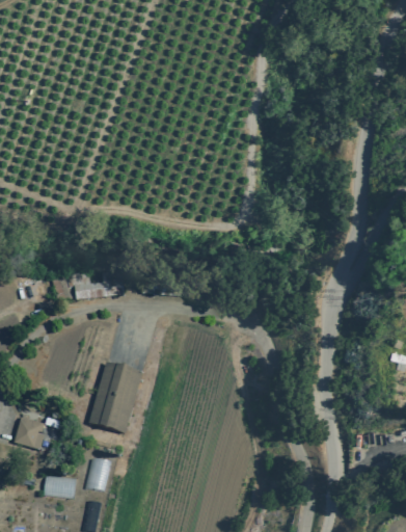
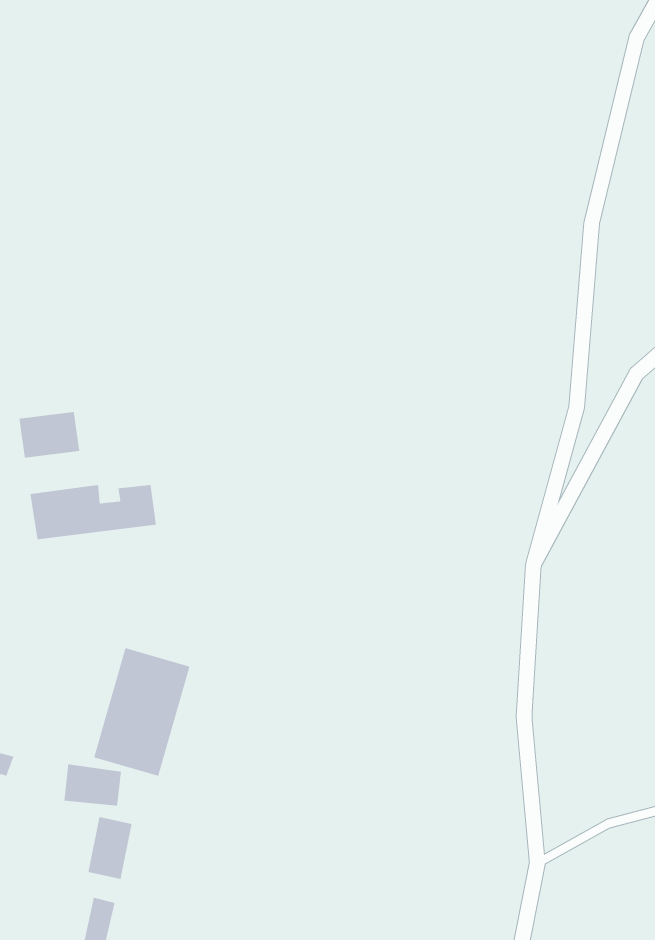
building: none -> [19,411,80,458]
building: [44,474,76,498] -> [64,763,122,807]

